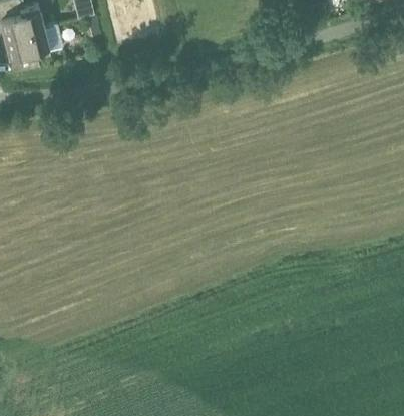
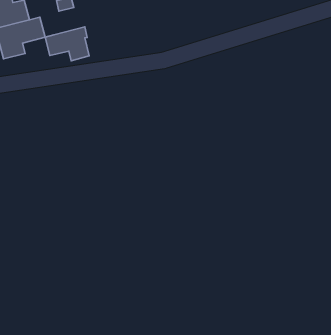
building: none -> [45,27,89,61]

